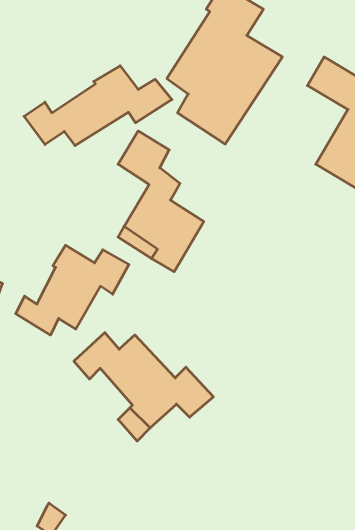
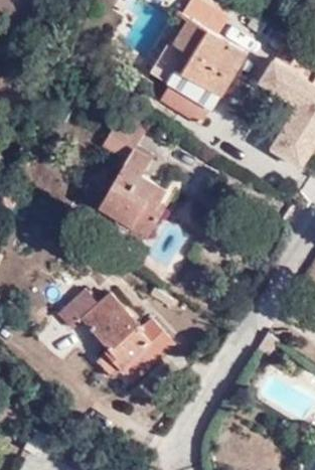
building: [24,66,172,146] -> none
building: [16,245,129,335] -> none

